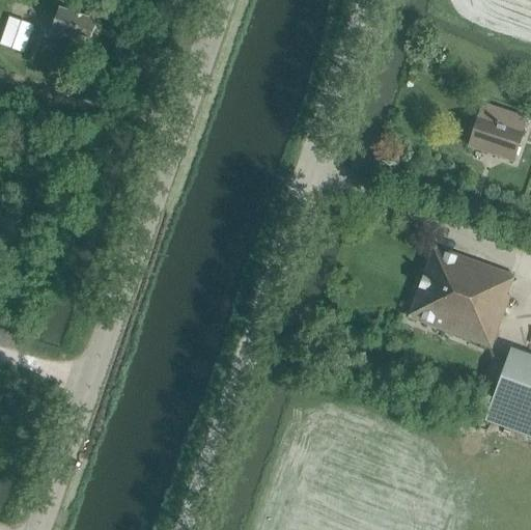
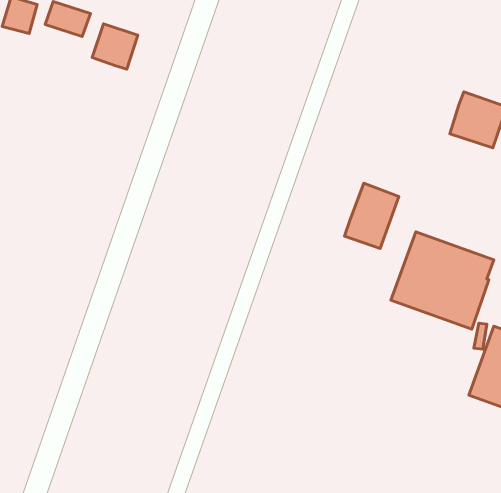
building: none -> [92,24,138,69]
building: none -> [345,183,399,249]

